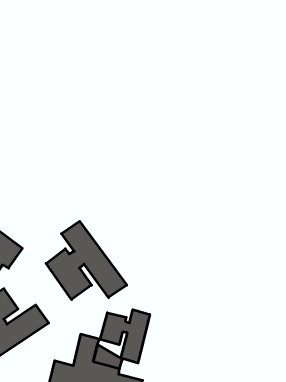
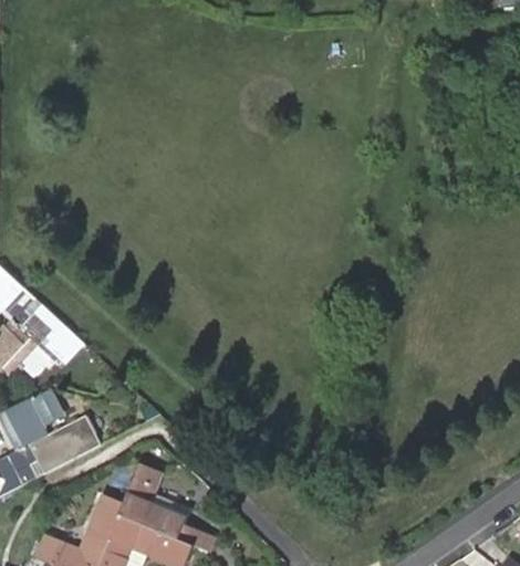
building: [46,221,127,300] -> none
building: [100,310,150,363] -> none

